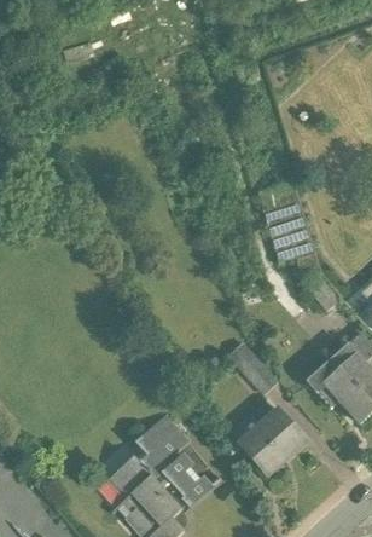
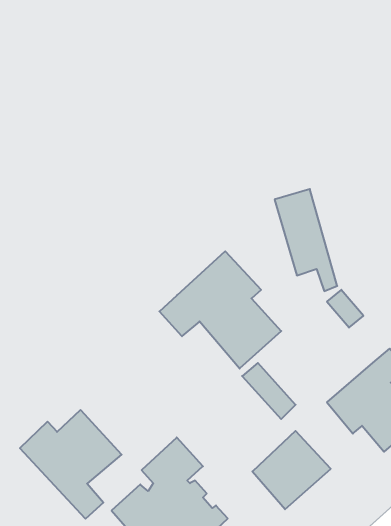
building: none -> [159,251,281,369]
building: none -> [20,410,122,519]

